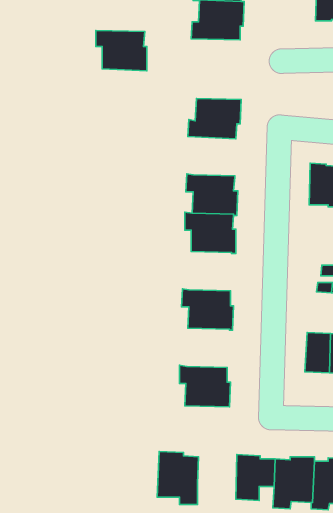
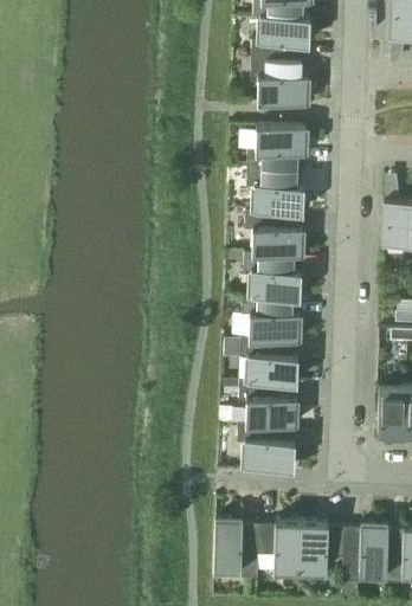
building: [96,31,147,71] -> [251,62,308,107]
building: none -> [247,170,304,215]
building: none -> [243,297,300,343]
building: none -> [239,382,297,428]
building: none -> [258,523,302,574]

